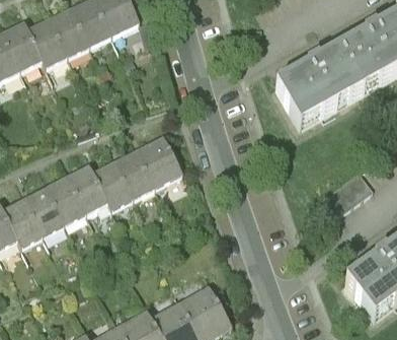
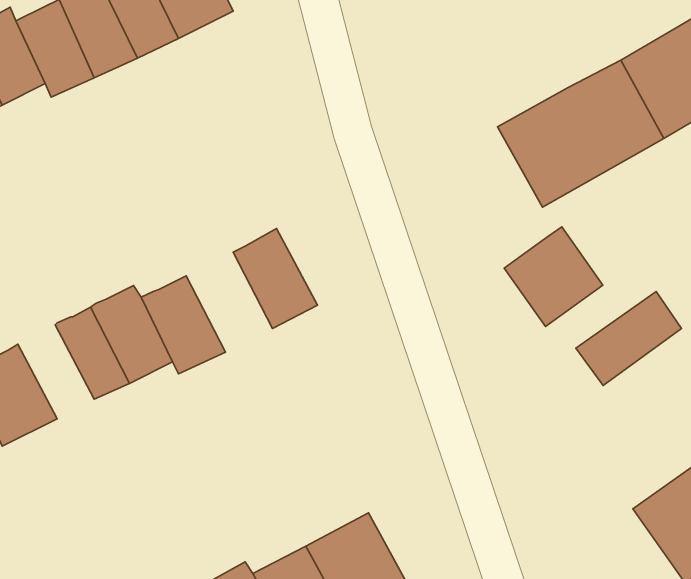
building: none -> [504,227,603,327]
building: [115,148,160,200] -> none
building: [28,186,68,234] -> none

